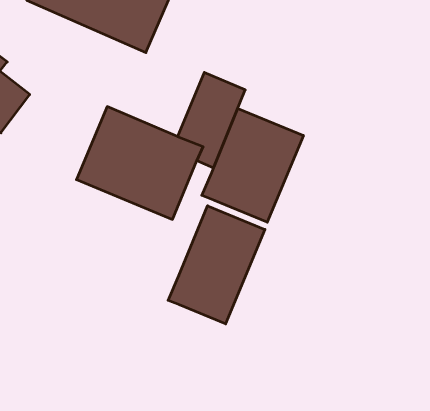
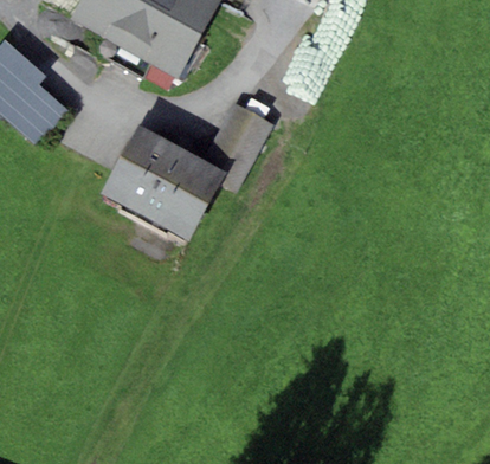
building: [202,108,303,222] -> none
building: [168,206,265,324] -> none

